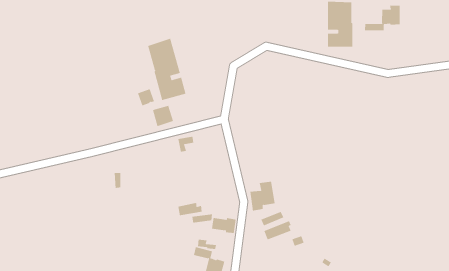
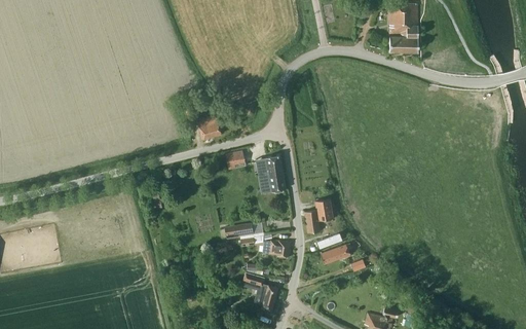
building: [364,5,400,31] -> none
building: [148,38,186,101] -> none
building: none -> [258,154,286,193]

